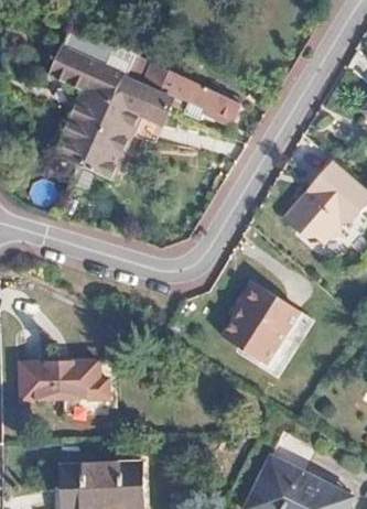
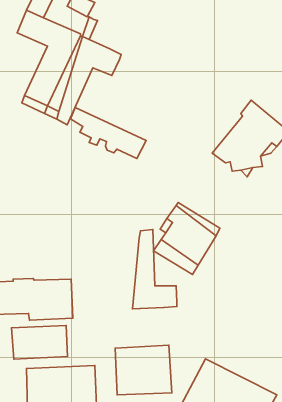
building: [149,64,237,123] -> [70,107,146,159]
building: none -> [133,229,177,309]
building: none -> [11,326,68,359]
building: none -> [115,345,172,395]

